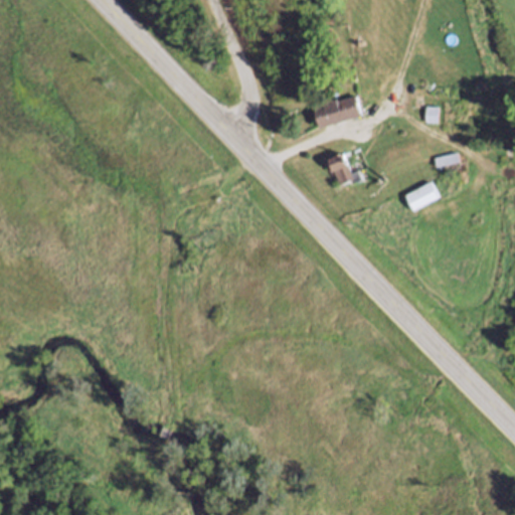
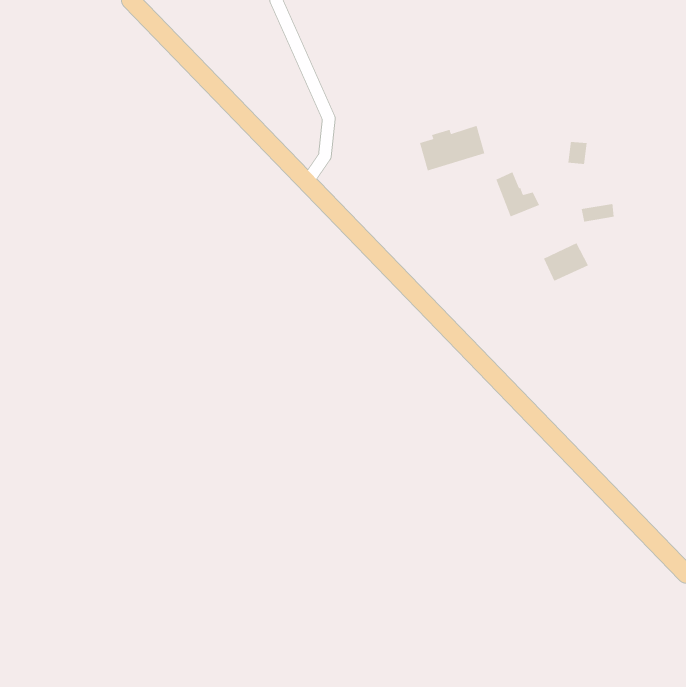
building: [329,155,362,189] -> [495,171,540,217]

